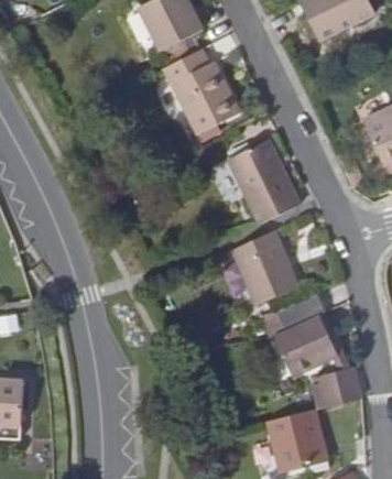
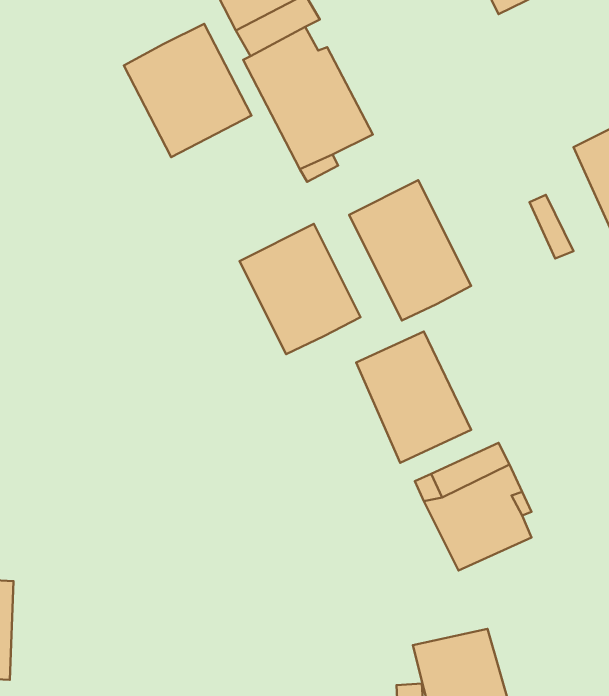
building: none -> [124,24,252,157]
building: none -> [239,224,360,354]
building: [307,368,360,409] -> none

